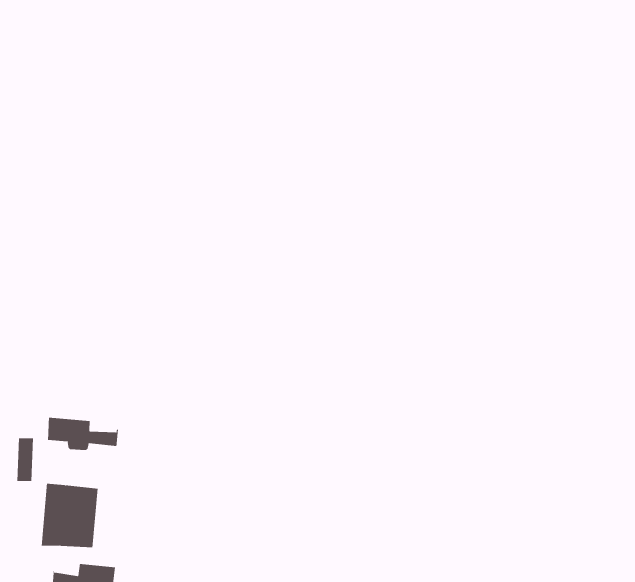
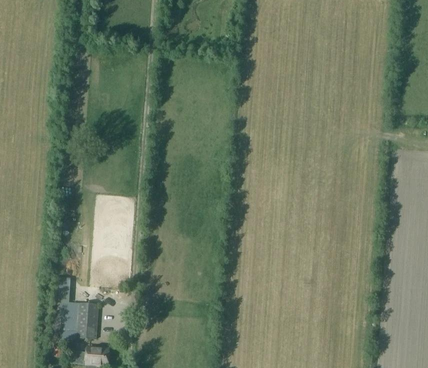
building: [47,417,119,451] -> none

